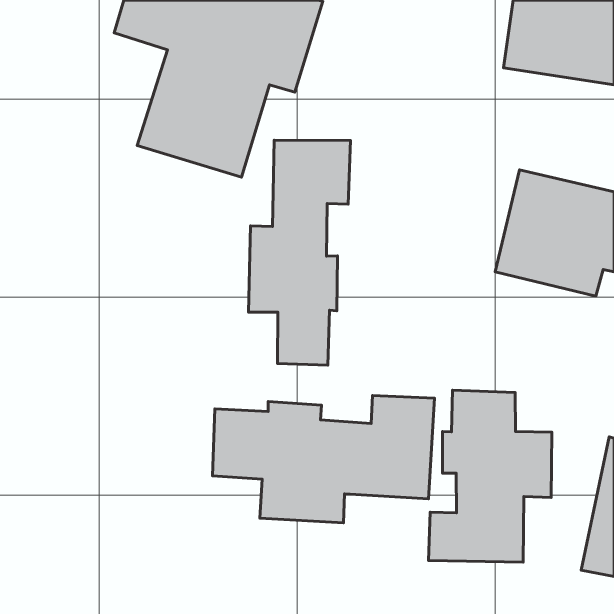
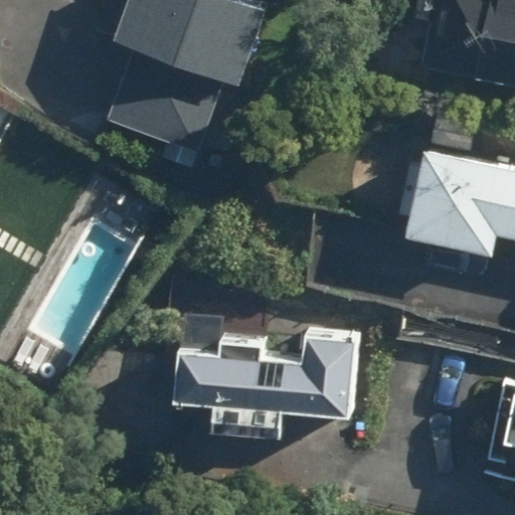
building: [249,140,350,365] -> none
building: [429,390,552,562] -> none

